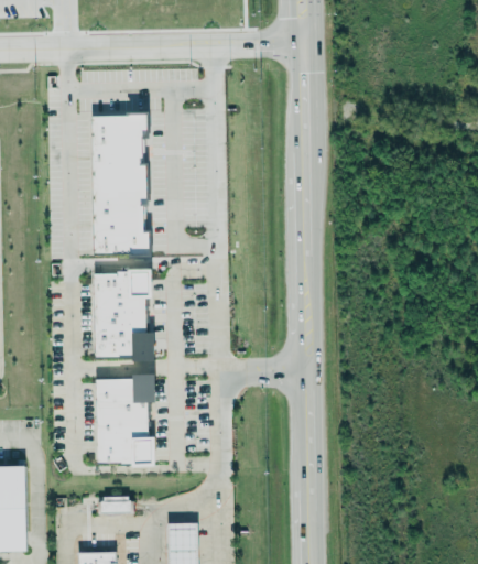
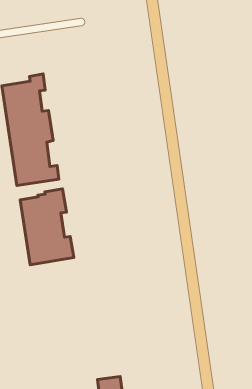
building: [96,375,155,466] -> none
building: [98,498,131,513] -> none

